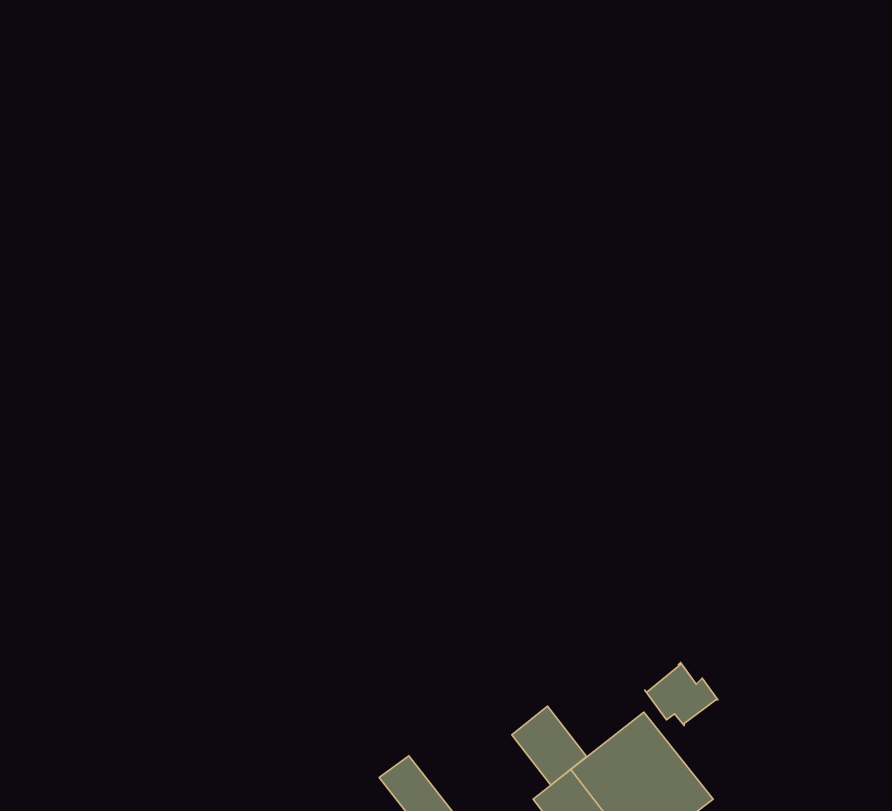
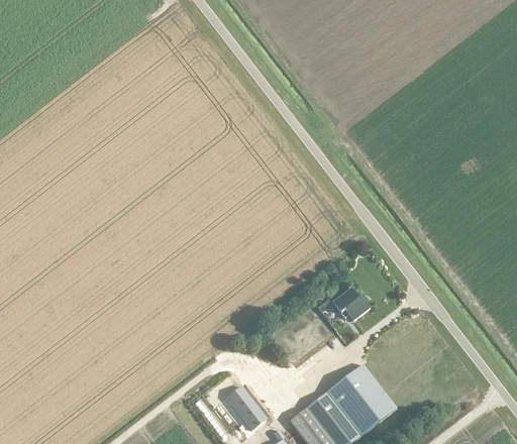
building: [645,662,718,726] -> [331,289,369,321]
building: [512,706,587,785] -> none

